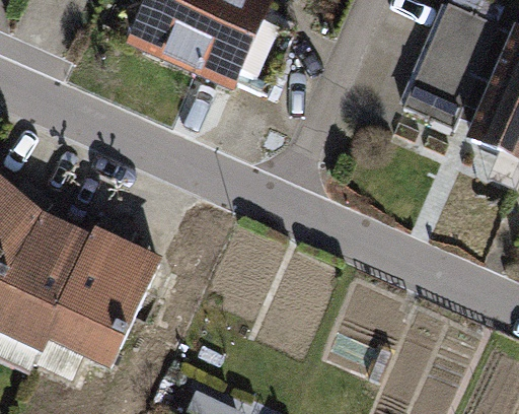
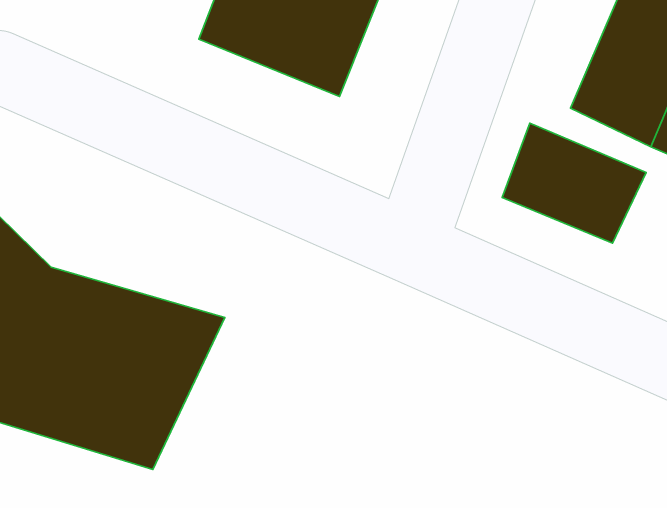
building: none -> [502,123,646,243]

